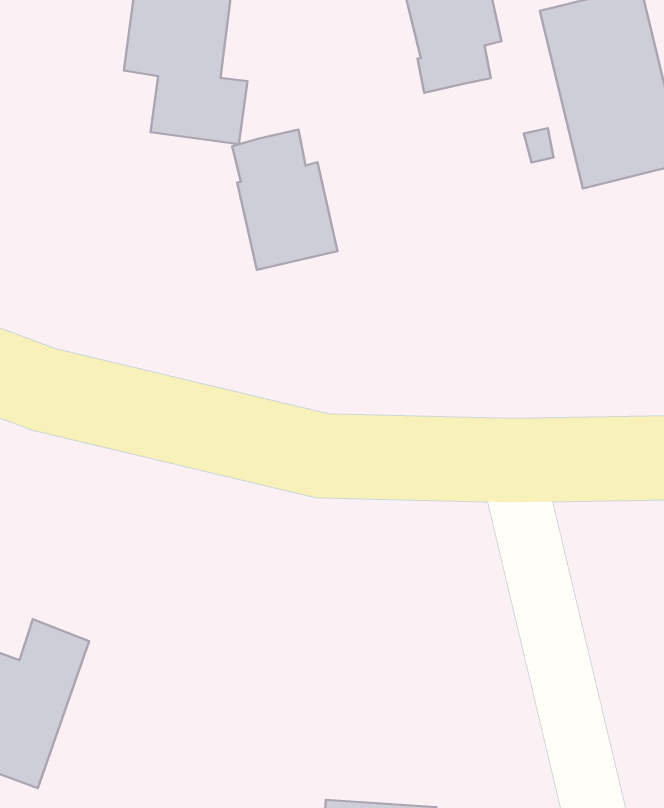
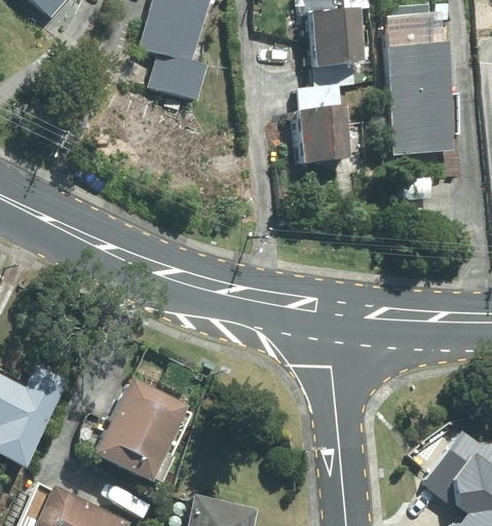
building: [232,129,337,270] -> [295,87,347,165]
building: none -> [97,375,190,478]

